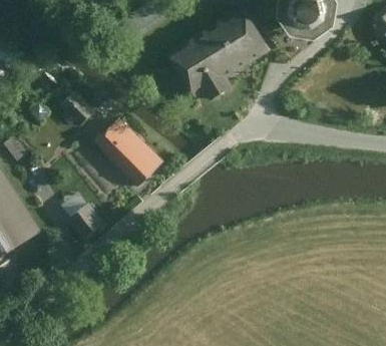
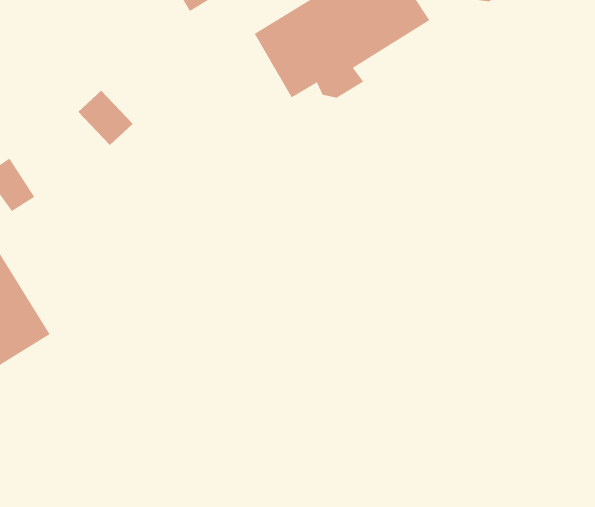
building: [97,120,160,184] -> none
building: [69,203,104,238] -> none

